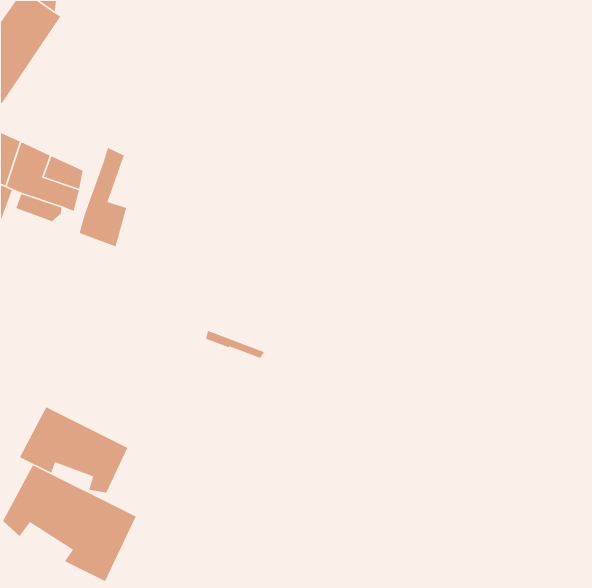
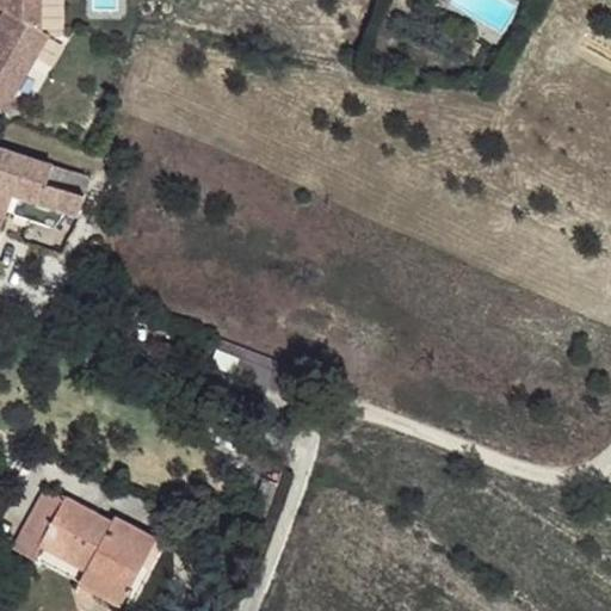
building: [79,147,127,247] -> none
building: [19,406,128,493] -> none

